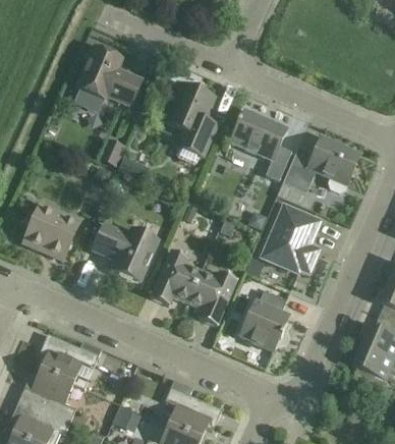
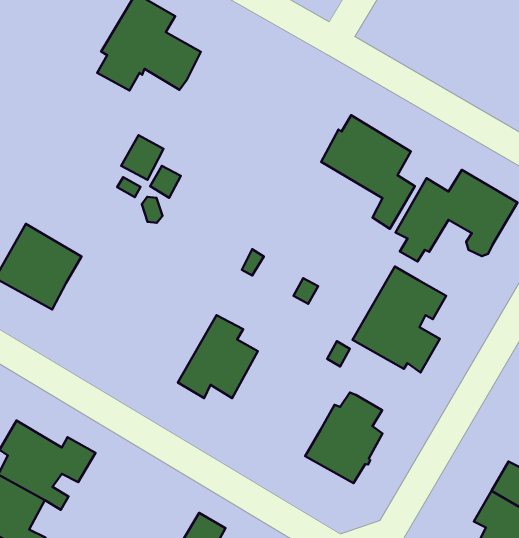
building: [166,84,215,164] -> none
building: [92,223,157,281] -> none
building: [186,270,236,325] -> none

